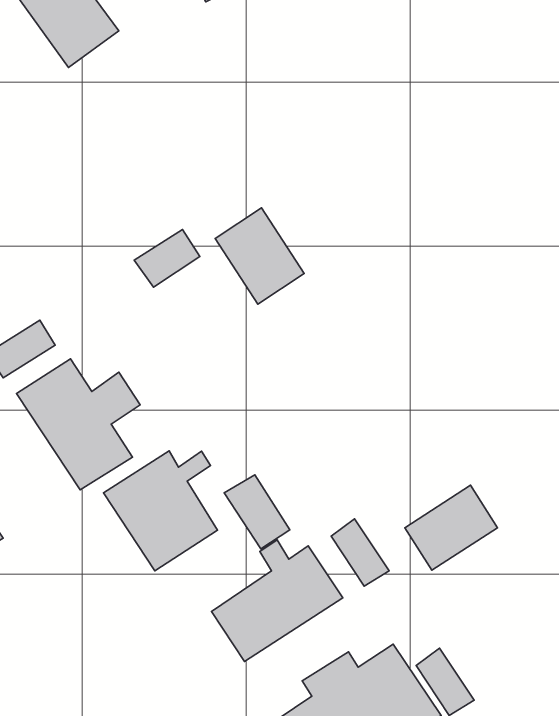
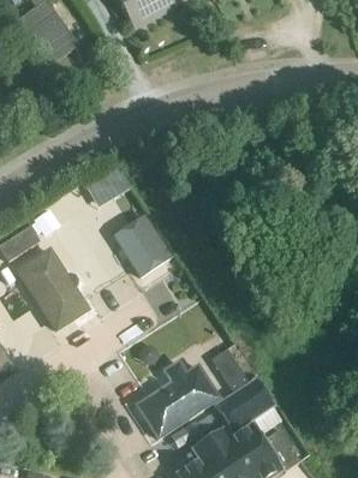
building: [215,208,304,304] -> [114,215,169,275]
building: [103,451,217,571] -> none
building: [224,475,290,549] -> none
building: [405,485,498,570] -> [215,378,273,431]

